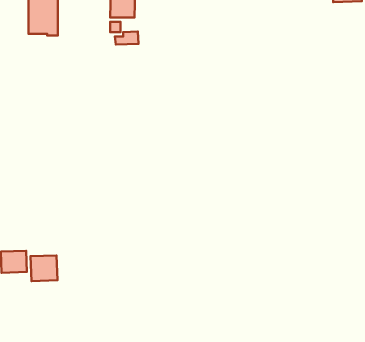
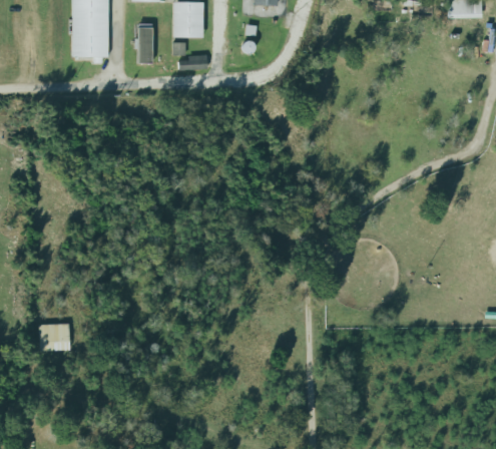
building: none -> [137,24,152,63]
building: [31,256,57,281] -> none

